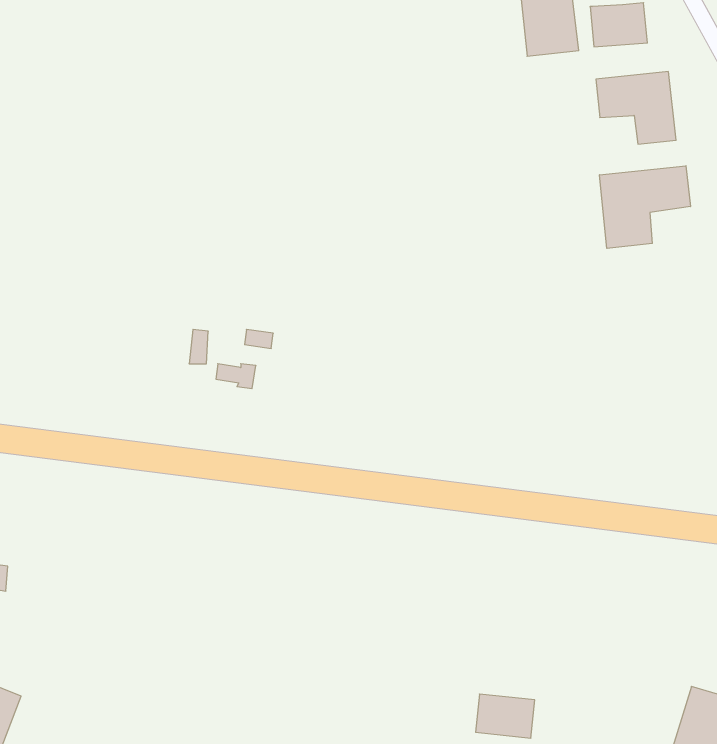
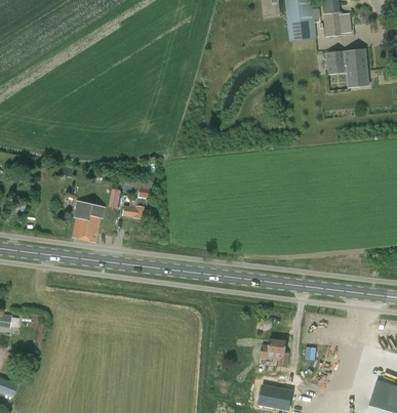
building: [600,166,690,248] -> none
building: none -> [73,201,105,242]
building: none -> [261,339,289,367]

